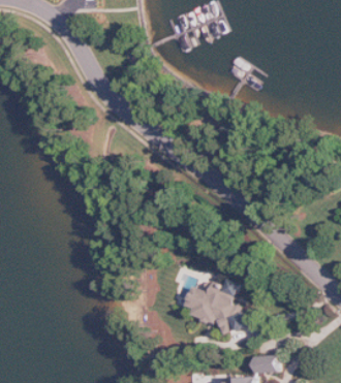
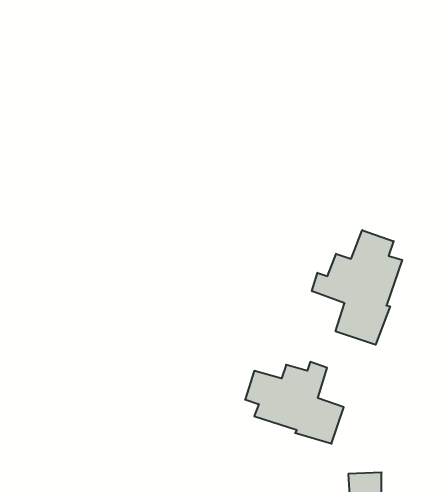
building: none -> [312,230,402,345]

